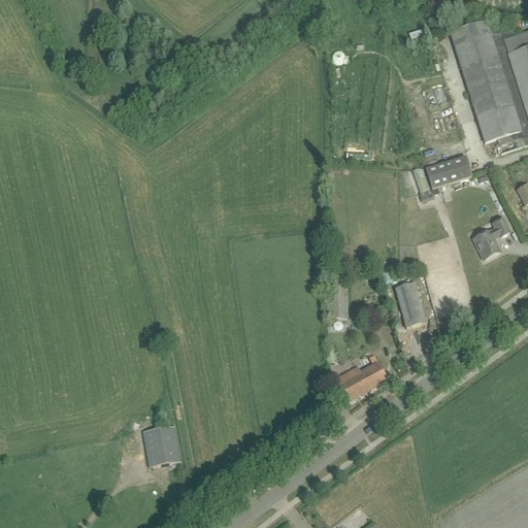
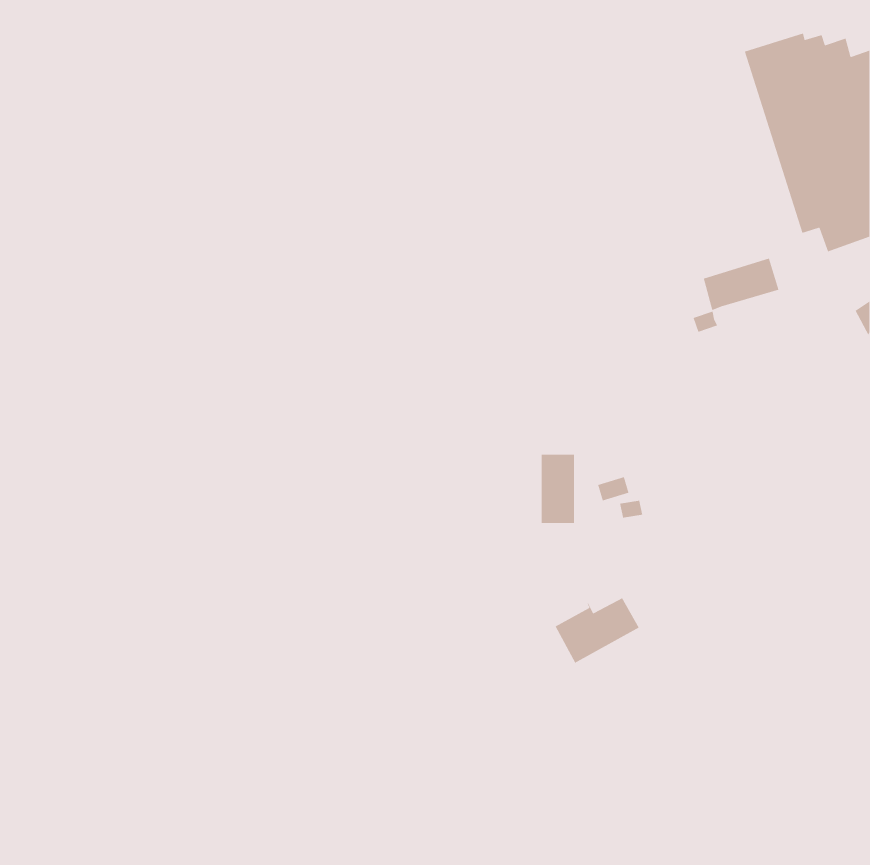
building: [472,217,509,259] -> none
building: [394,282,425,327] -> none
building: [142,425,180,466] -> none

